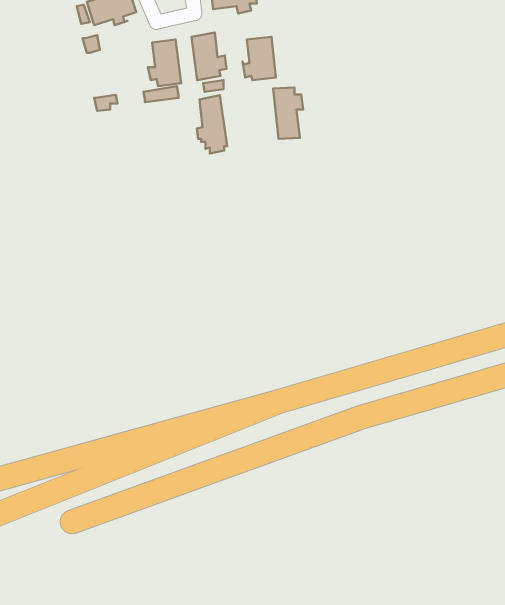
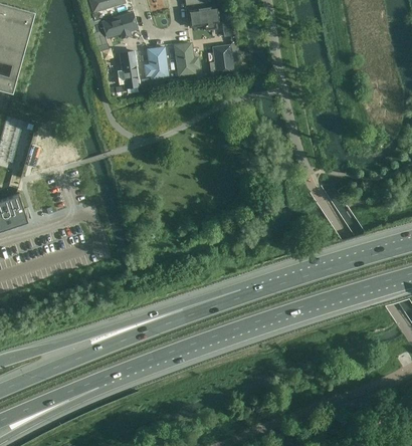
building: [273,88,303,139] -> none
building: [197,95,227,153] -> [118,50,139,90]

